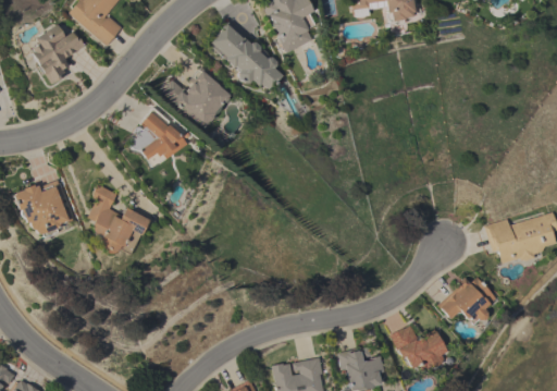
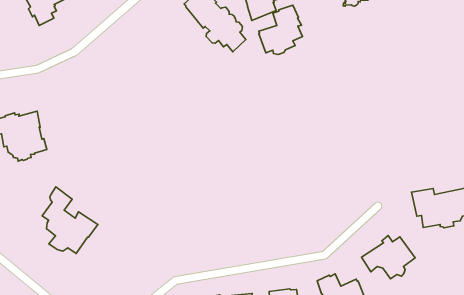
building: none -> [259,5,302,54]
building: [162,66,232,127] -> none
building: [131,108,189,168] -> none
building: [87,183,150,255] -> [42,187,98,254]

